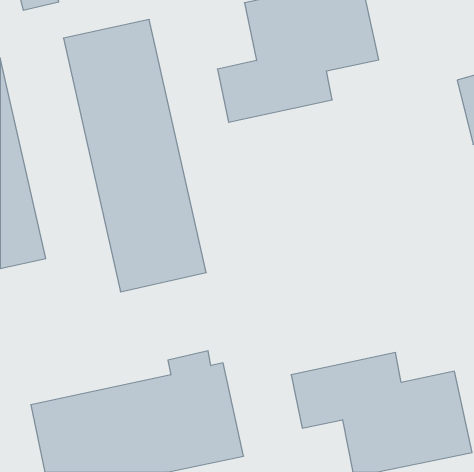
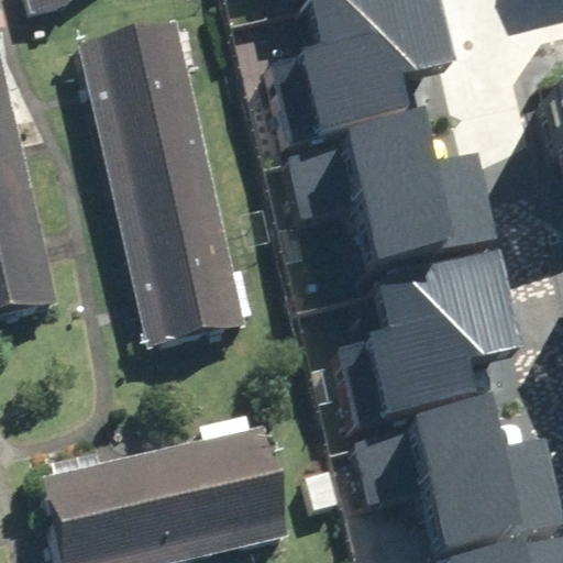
building: none -> [280,137,493,285]
building: none -> [325,266,516,437]

